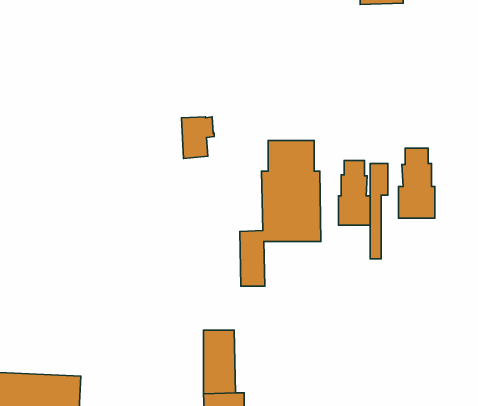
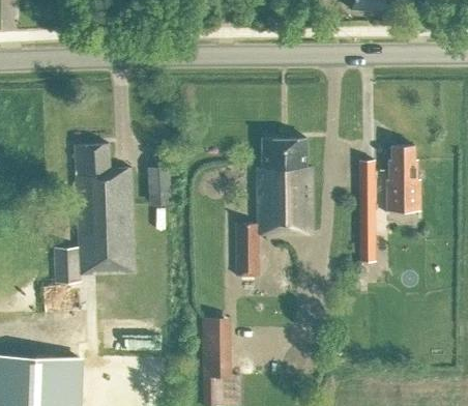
building: [181,117,214,158] -> [147,166,178,205]
building: none -> [55,144,136,283]
building: [338,161,370,225] -> none

